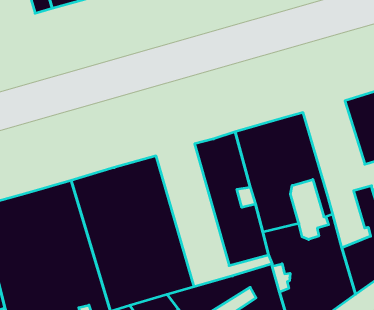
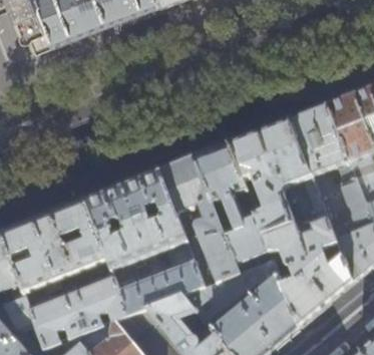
building: none -> [289,107,354,196]
building: none -> [158,158,238,289]

